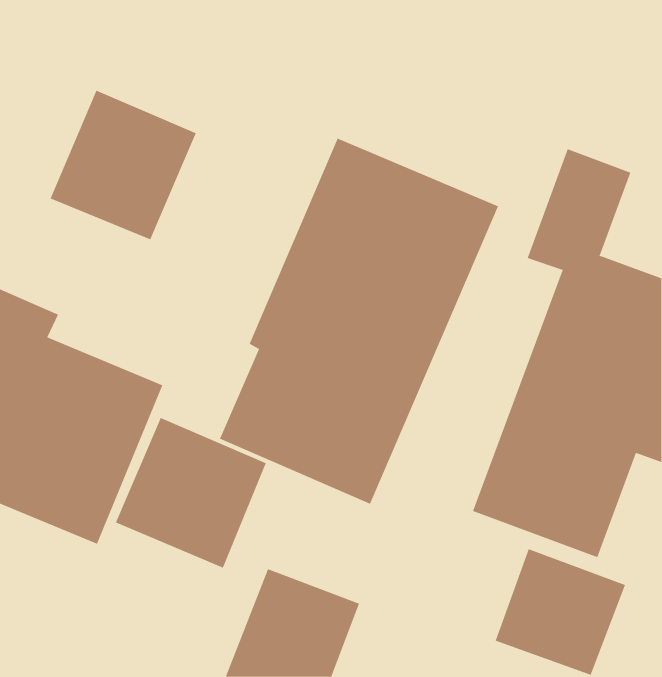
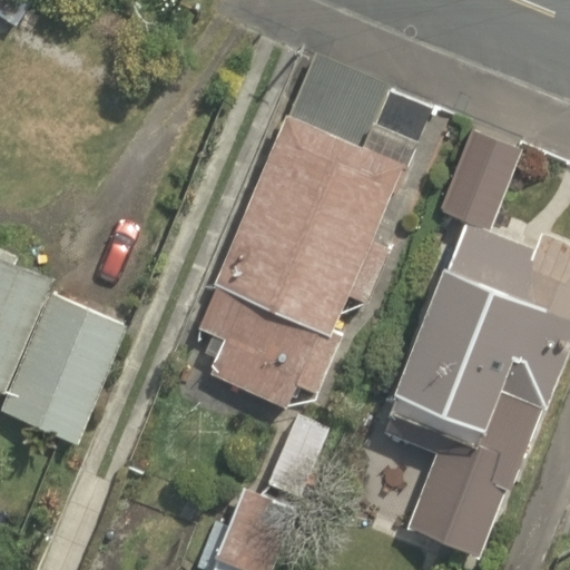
building: [50,90,197,240] -> none
building: [115,417,266,568] -> none

